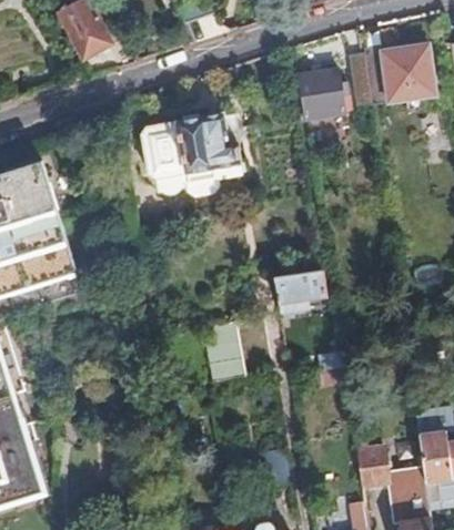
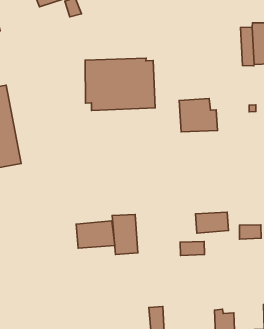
building: [297,69,353,118] -> [179,98,217,132]
building: [274,276,321,308] -> [196,212,228,233]
building: none -> [76,221,115,248]

